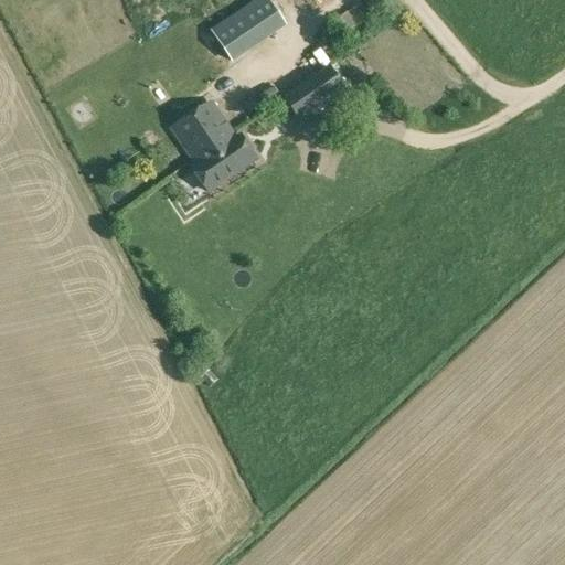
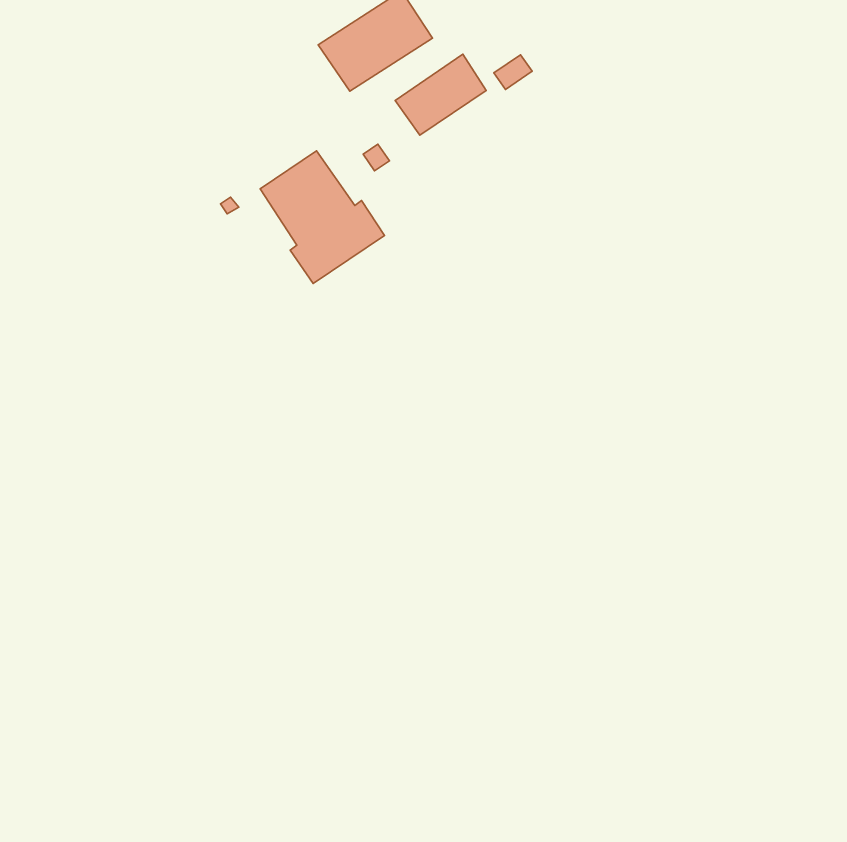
building: [285,65,345,119] -> [395,54,486,135]

